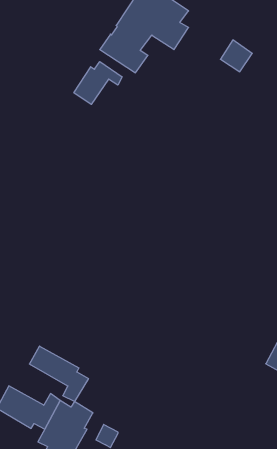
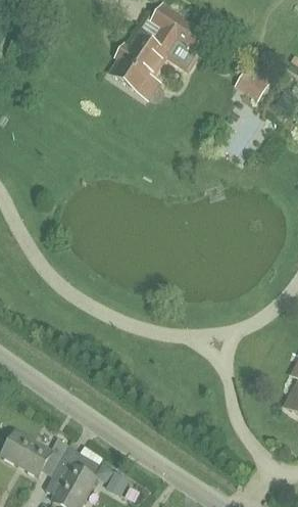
building: [74,62,122,104] -> none
building: [29,346,88,401] -> none

